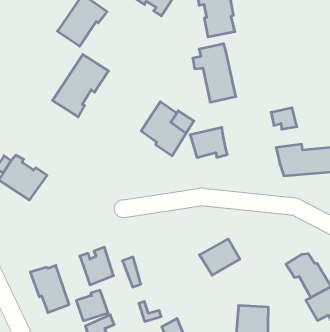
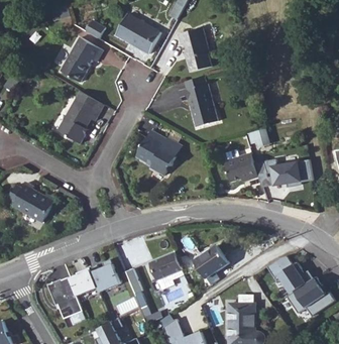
building: [190,127,227,157] -> [224,154,257,182]
building: none -> [149,251,182,280]
building: [76,290,108,321] -> [68,267,96,295]

